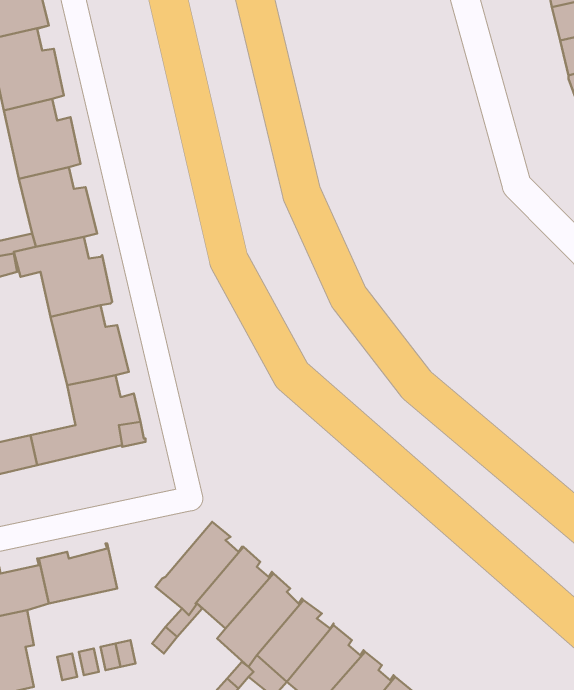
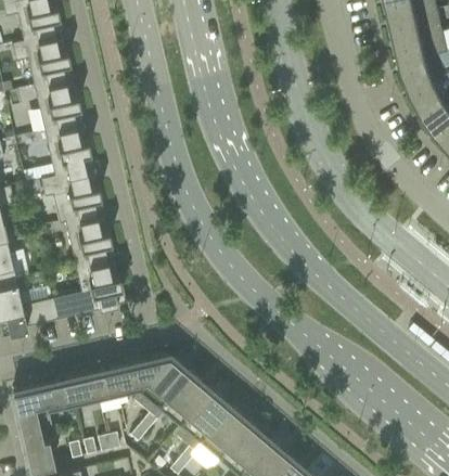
building: none -> [101,353,169,399]

